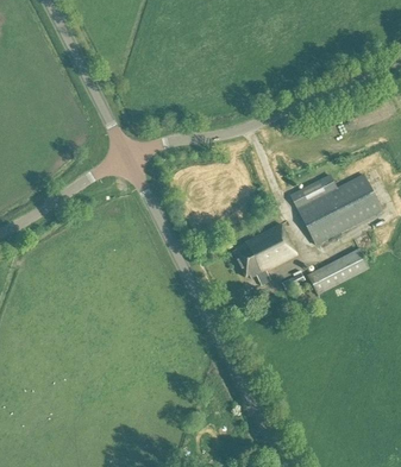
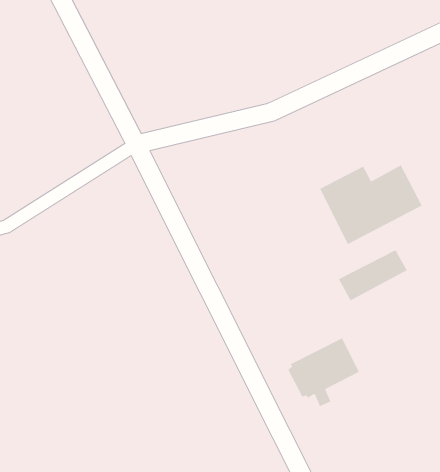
building: [232,225,296,286] -> [287,337,360,407]

